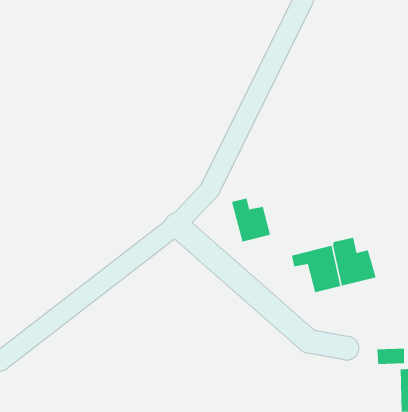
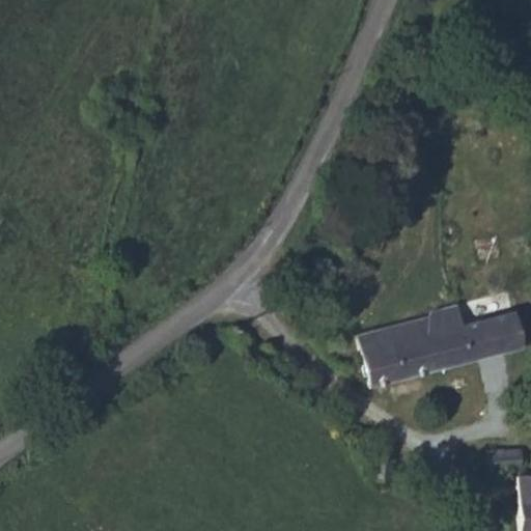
building: [231,198,271,242] -> [359,329,410,386]
building: none -> [479,311,526,357]

